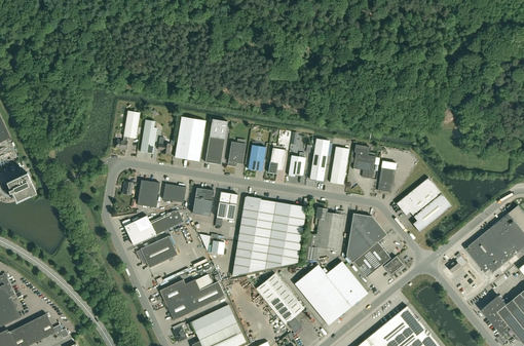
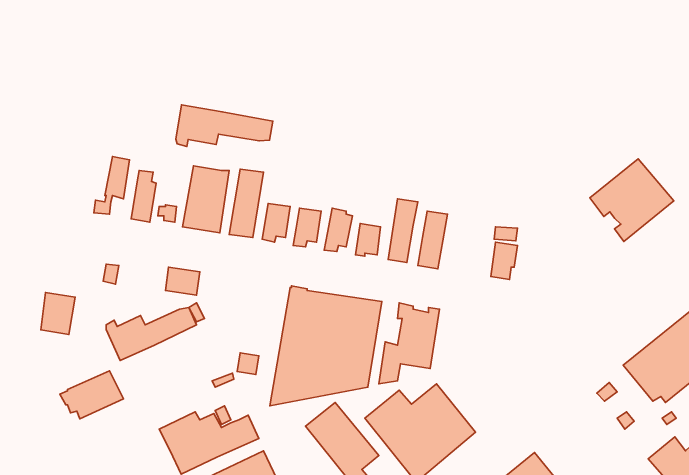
building: none -> [176,105,273,146]
building: [353,145,375,179] -> none
building: [397,178,452,232] -> [590,159,674,241]
building: [138,180,160,207] -> [41,293,75,335]
building: [192,188,215,216] -> none
building: [217,192,238,220] -> none
building: [346,214,405,277] -> none
building: [136,236,178,268] -> [60,371,124,419]

